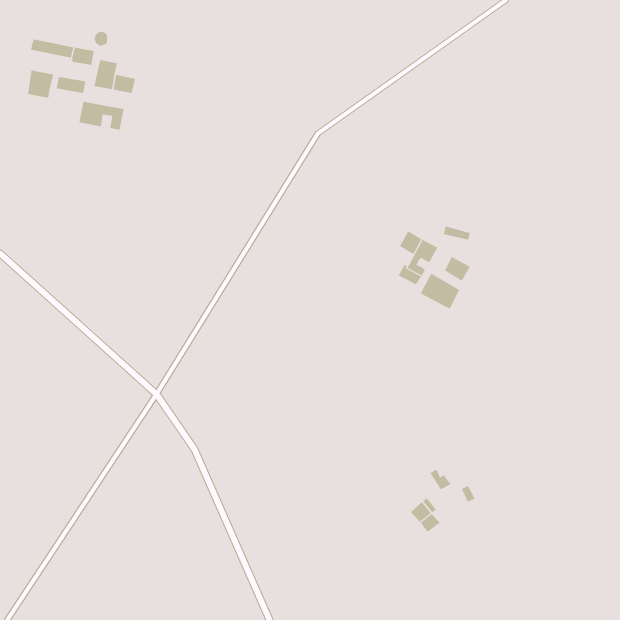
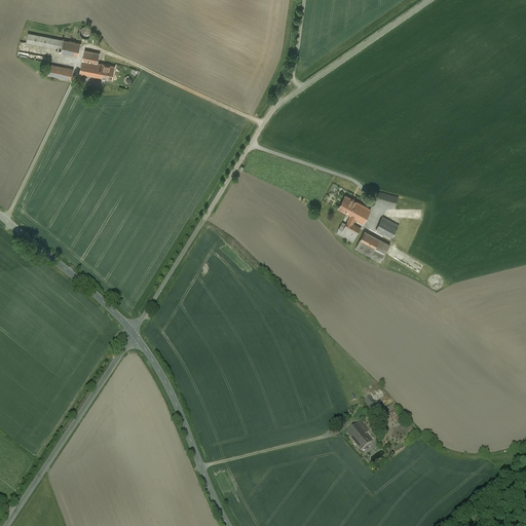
building: [27,70,54,99] -> none
building: [79,101,124,131] -> none

